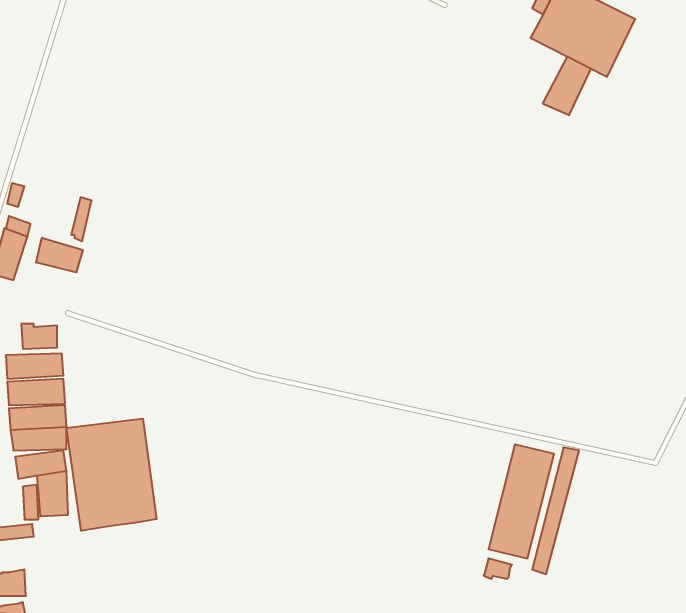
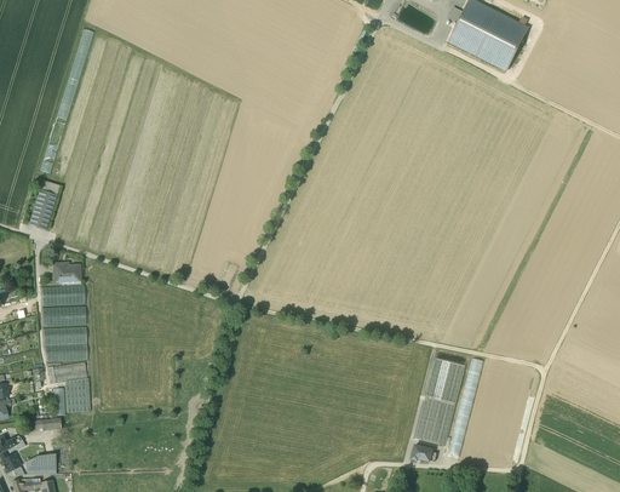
building: [543,57,591,115] -> none
building: [36,238,83,272] -> none
building: [67,419,156,531] -> none

